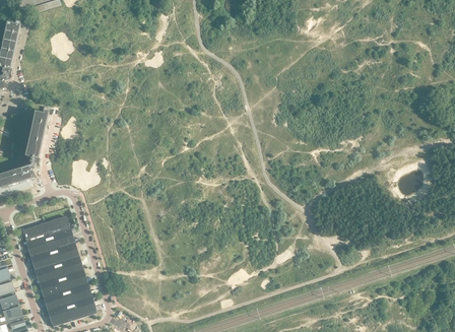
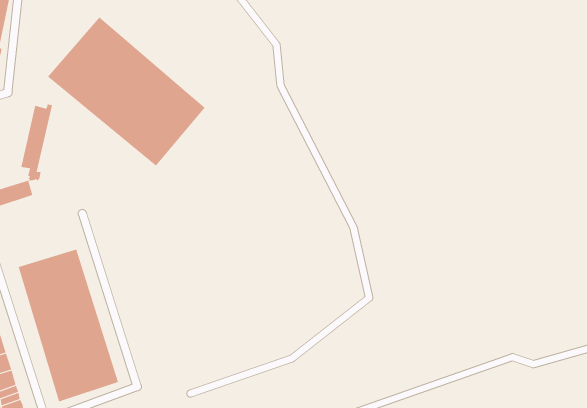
building: none -> [47,16,206,167]

